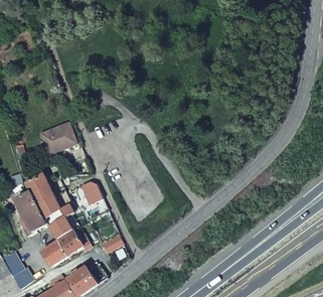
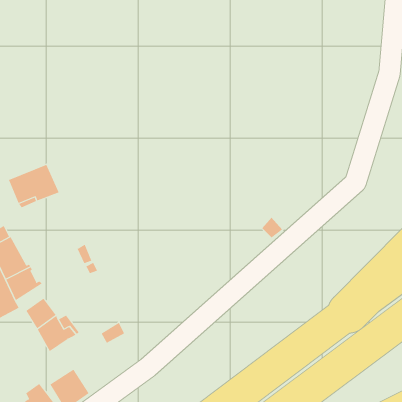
building: [40,239,67,266] -> none

